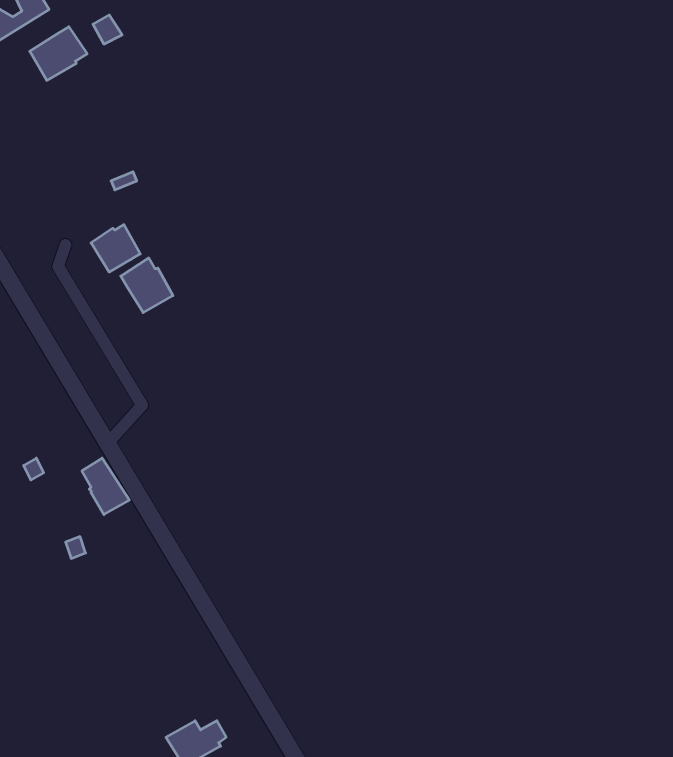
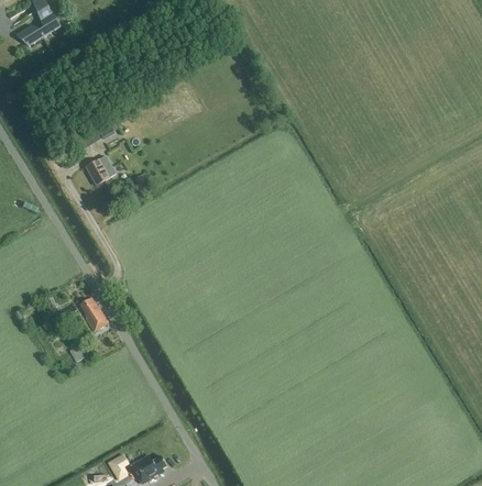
building: [30,27,87,80] -> none
building: [121,258,173,313] -> none

